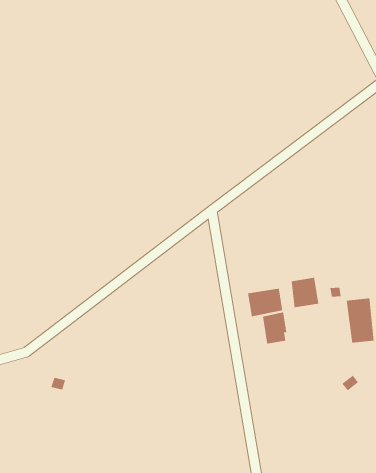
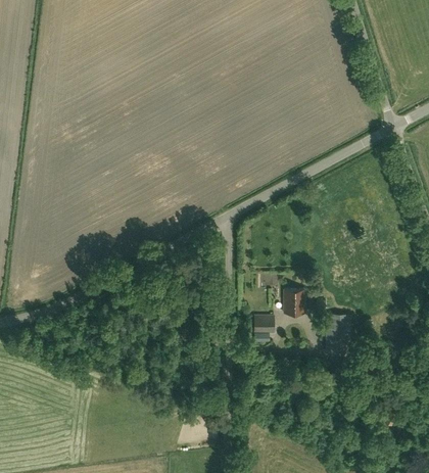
building: [248,288,283,317] -> none

